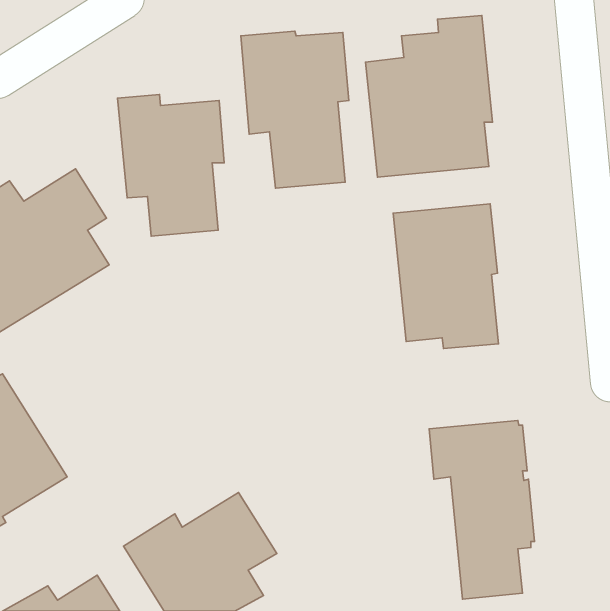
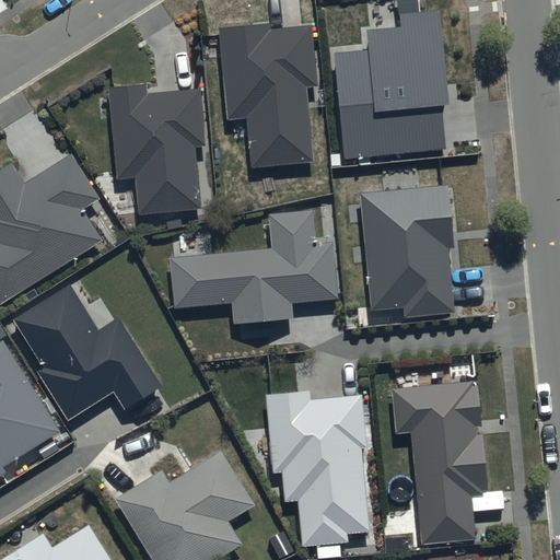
building: none -> [168,210,338,324]
building: none -> [10,283,159,420]
building: none -> [265,389,370,545]

